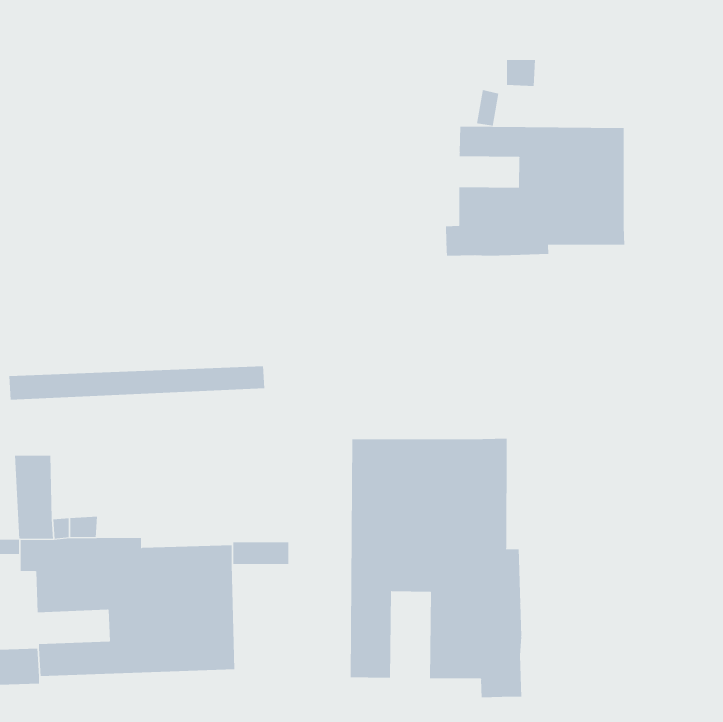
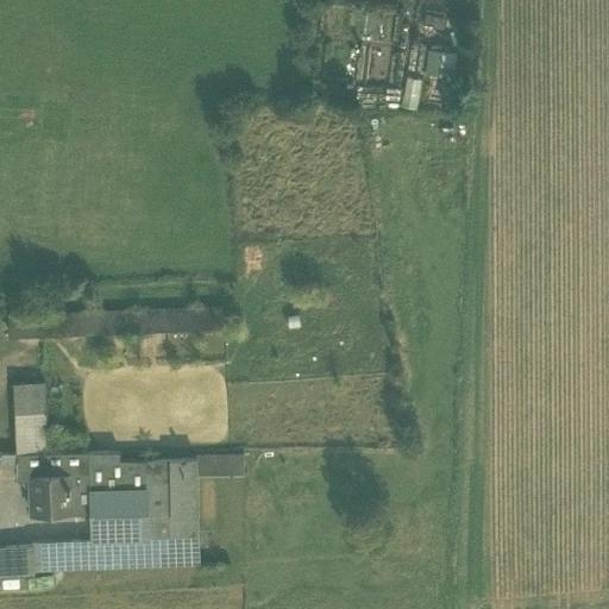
building: [446,126,625,257] -> none
building: [350,438,522,698] -> none

